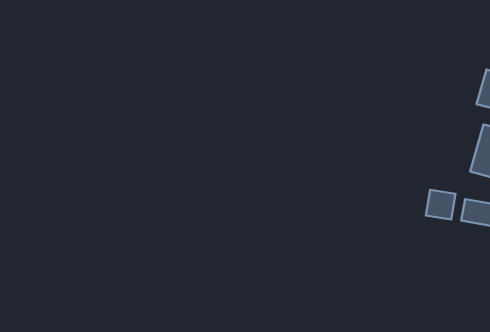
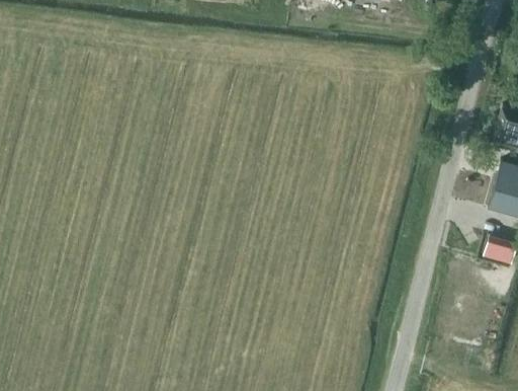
building: [426,190,456,219] -> none

